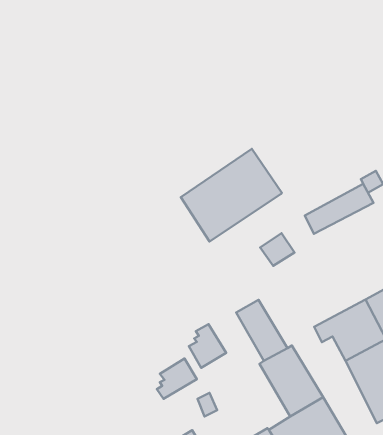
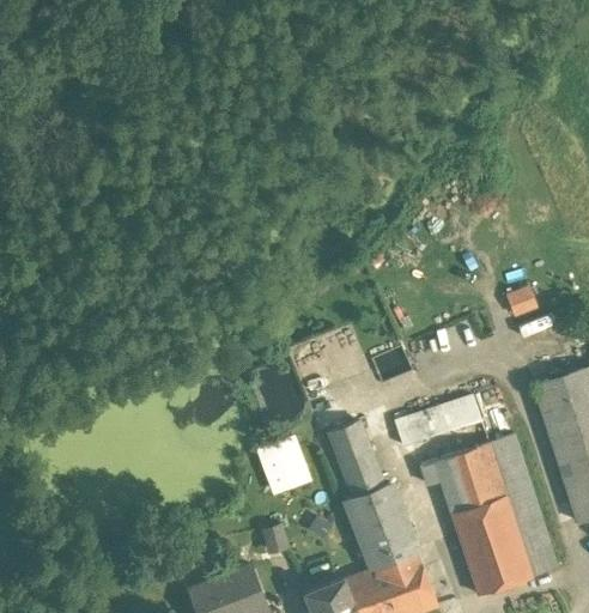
building: [181,149,282,241] -> none
building: [305,184,373,234] -> [395,396,481,447]
building: [157,358,197,399] -> none

